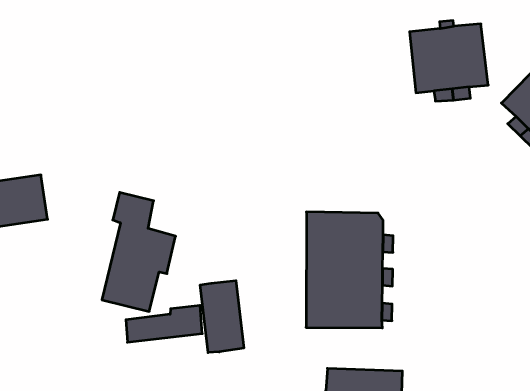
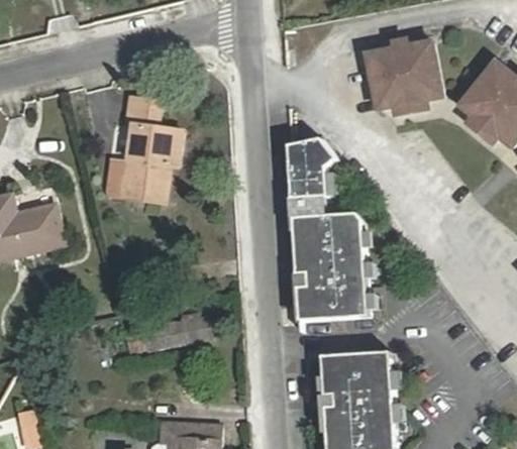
building: none -> [286,140,335,201]
building: [102,192,176,311] -> [114,98,176,203]
building: [200,281,244,353] -> none

